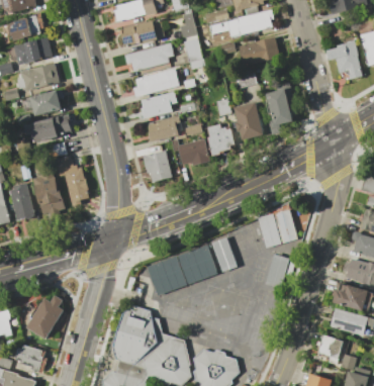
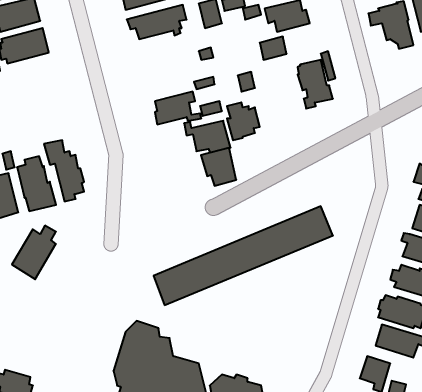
building: [134,70,180,97] -> none
building: [27,90,62,115] -> none
building: [141,92,178,118] -> none
building: [235,102,265,140] -> none
building: [32,114,72,141] -> none
building: [143,151,172,182] -> [201,148,236,186]
building: [266,255,287,286] -> none
building: [26,295,63,340] -> [12,226,56,279]

